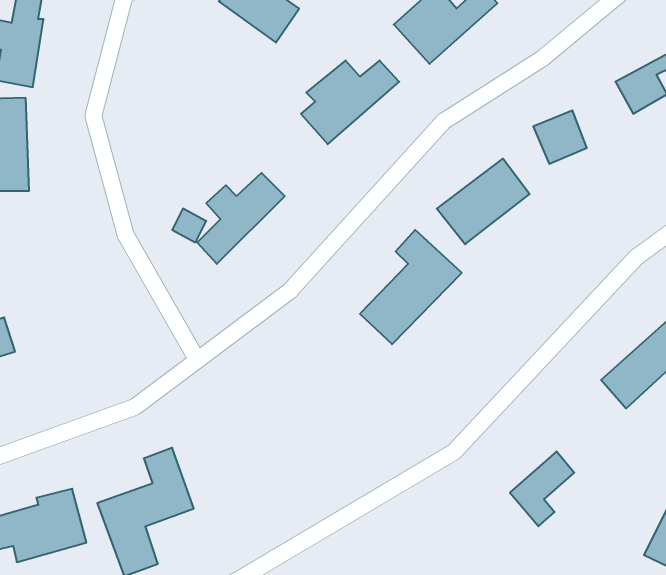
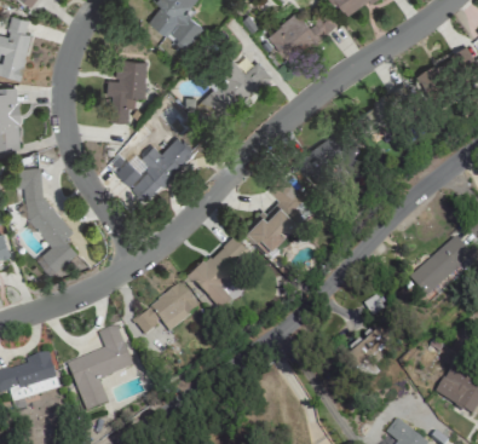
building: none -> [108,60,146,122]
building: none -> [17,167,77,273]
building: none -> [189,233,252,310]
building: none -> [133,283,198,335]

